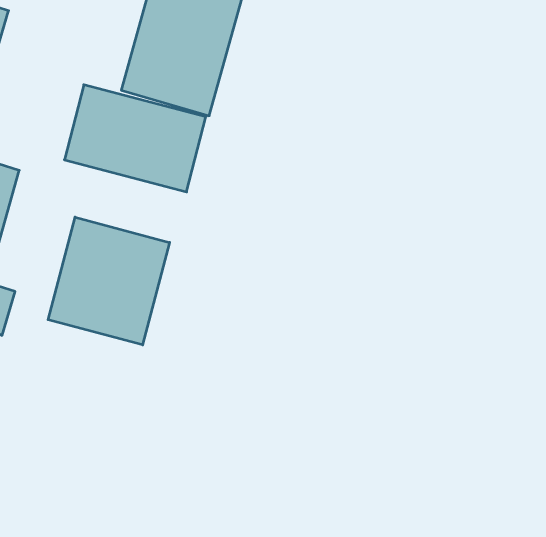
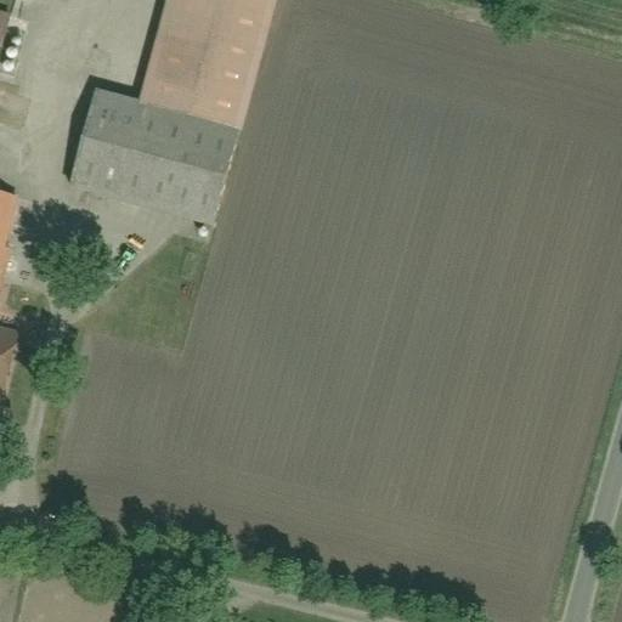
building: [48,217,170,345] -> none

